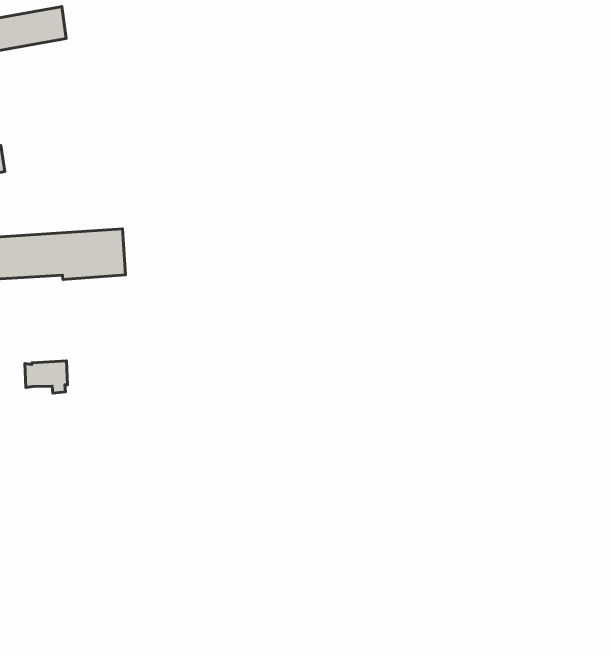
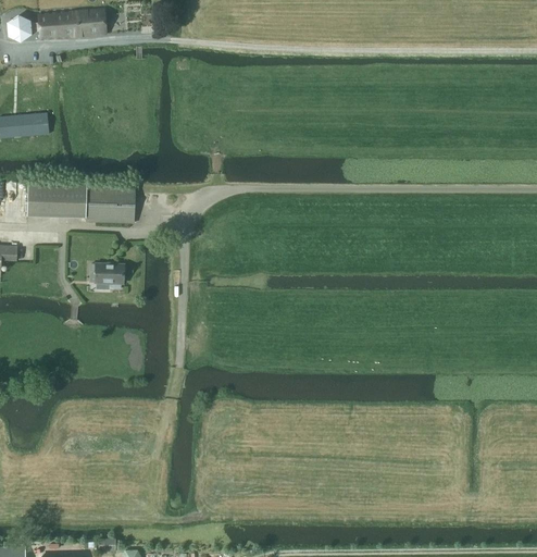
building: [25,361,68,393] -> [89,264,123,289]

